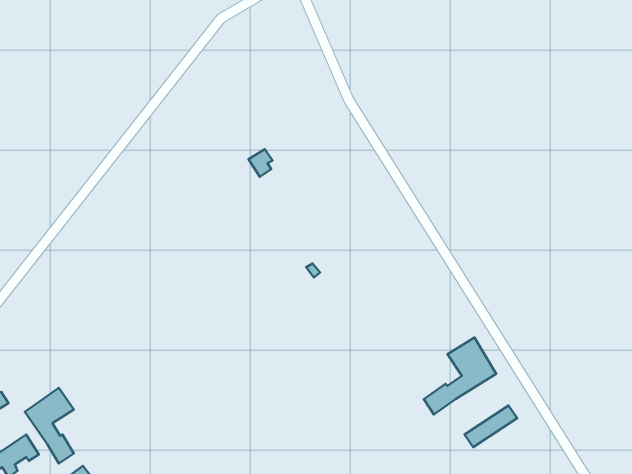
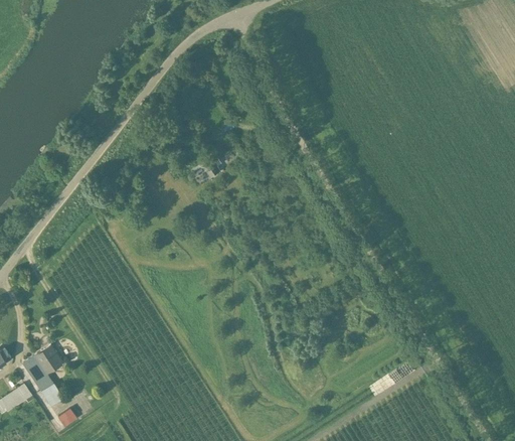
building: [424,338,496,415] -> none

